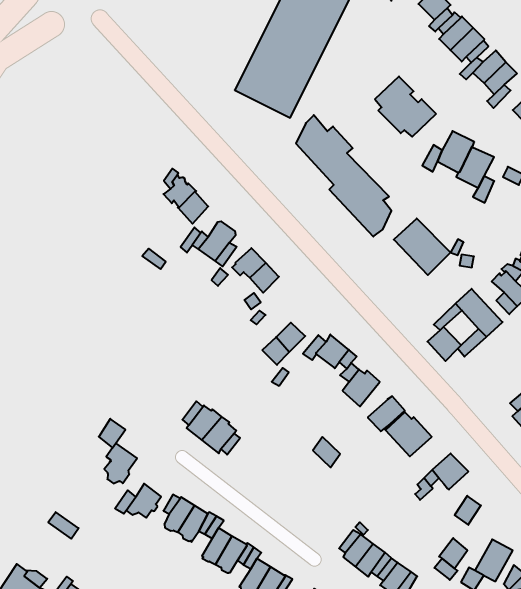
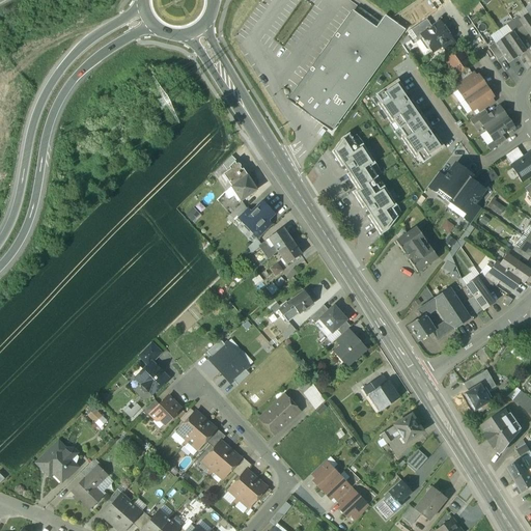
building: none -> [375,79,421,128]
building: [368,396,405,431] -> none
building: none -> [259,395,299,434]

